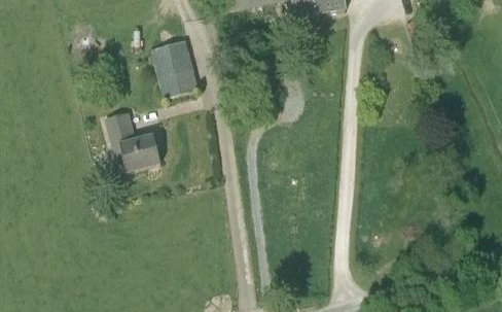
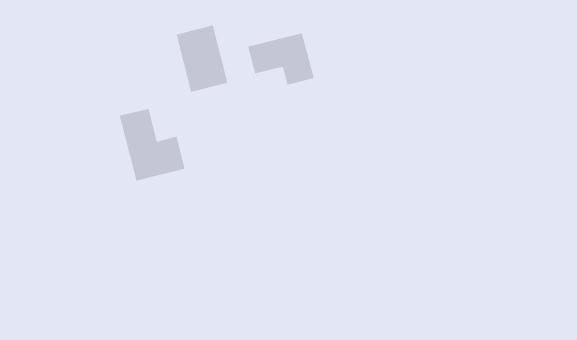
building: none -> [247,33,314,85]

